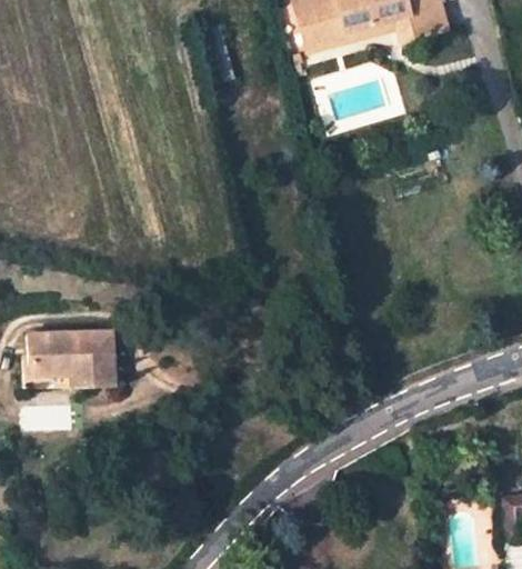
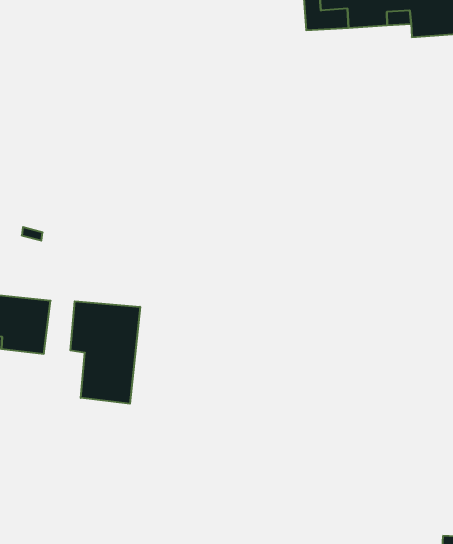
building: none -> [70,301,140,404]

